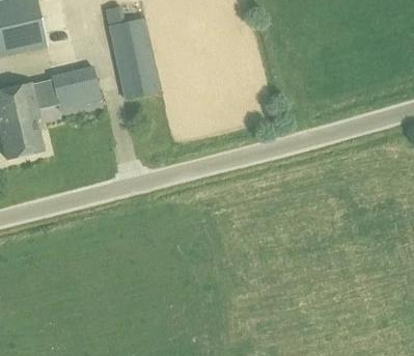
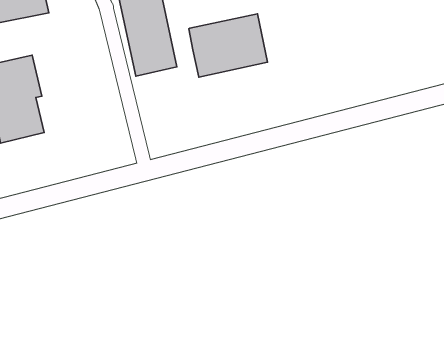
building: none -> [189,14,268,77]
building: [51,65,102,118] -> none

